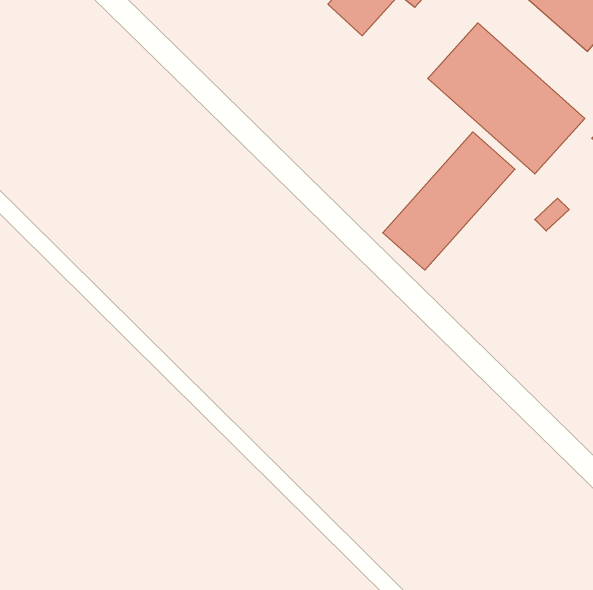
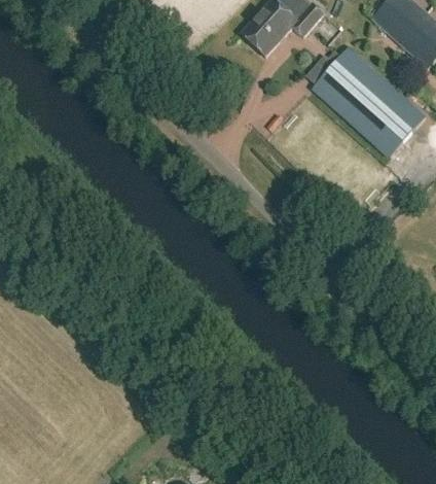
building: [383,132,515,270] -> none

